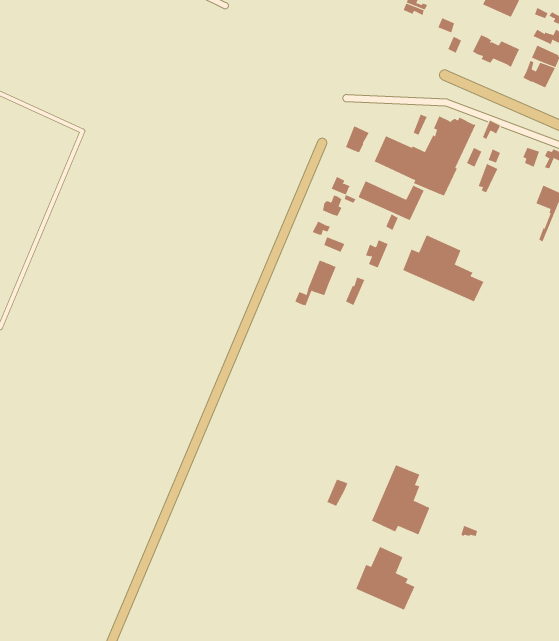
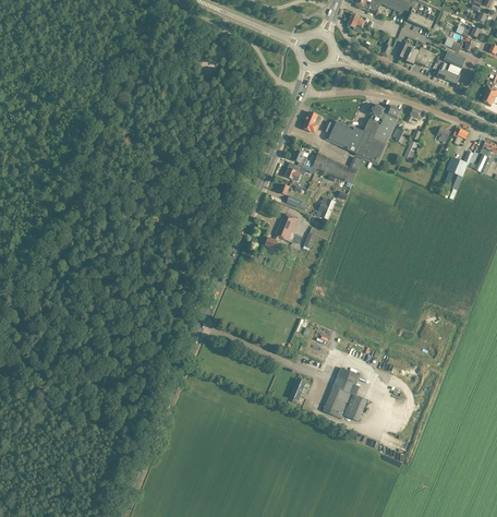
building: [403,234,484,302] -> none
building: [356,546,415,610] -> none

